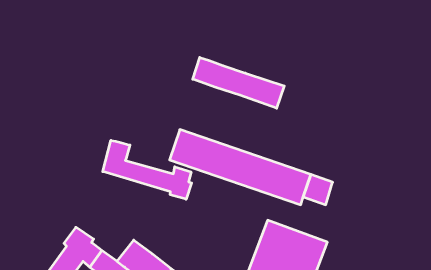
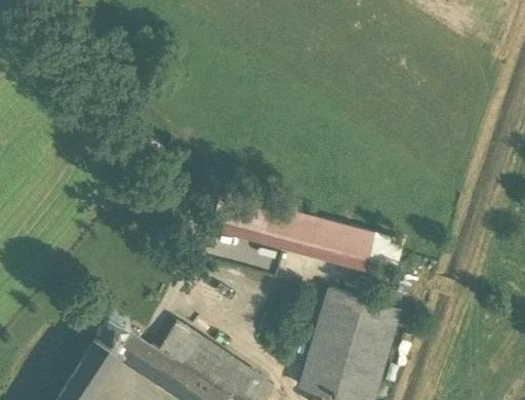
building: [193,57,284,108] -> none
building: [103,140,192,199] -> none

